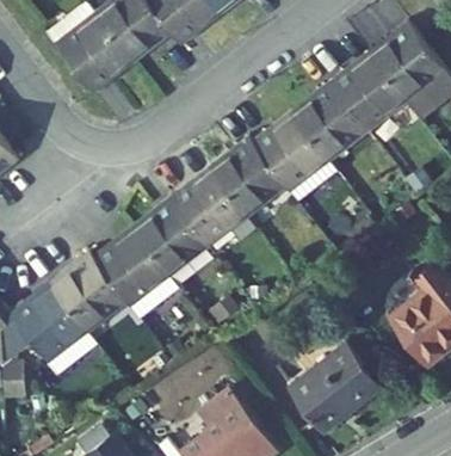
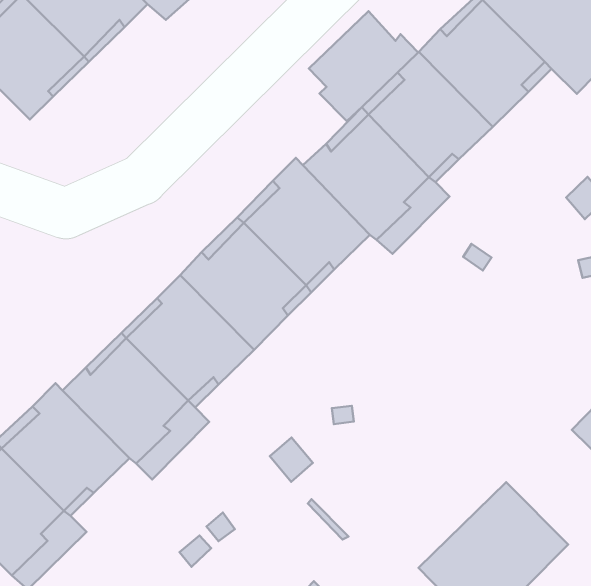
building: none -> [309,11,418,121]

